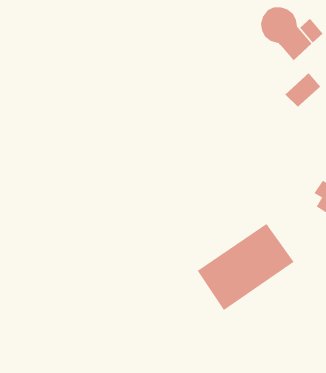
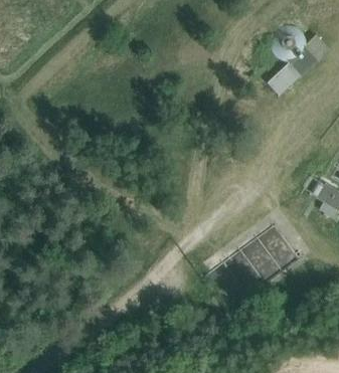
building: [284,72,321,108] -> [267,61,300,94]

